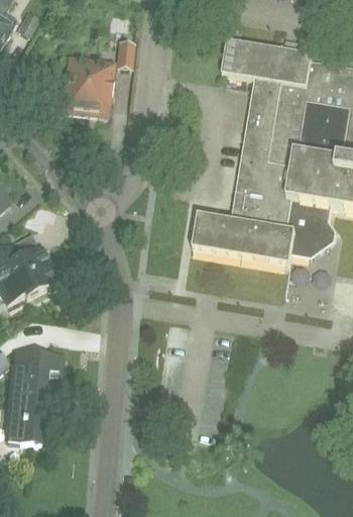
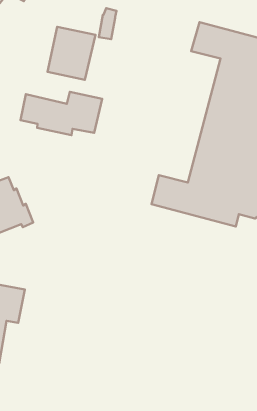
building: none -> [20,92,102,135]

